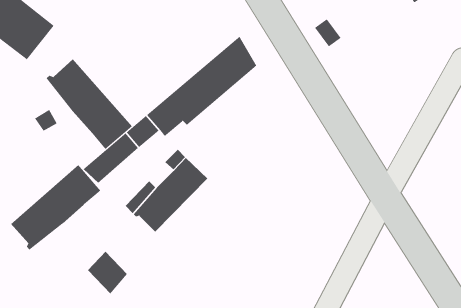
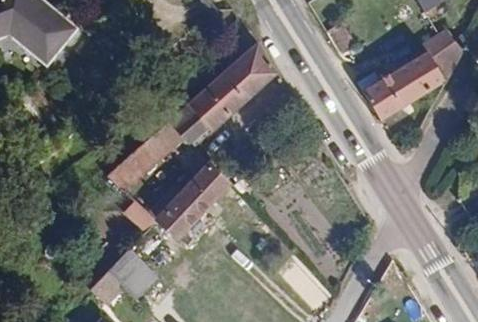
building: none -> [359,48,454,123]
building: [46,59,133,150] -> none
building: [10,164,101,251] -> none

